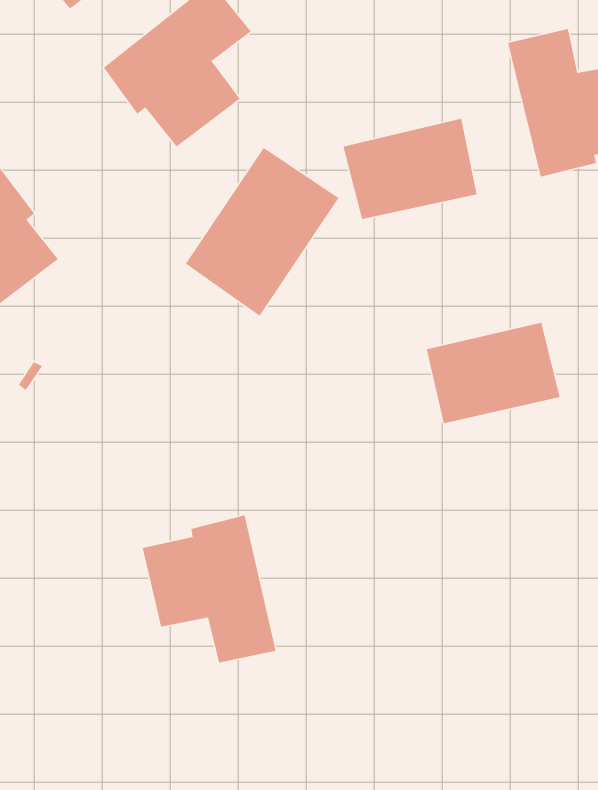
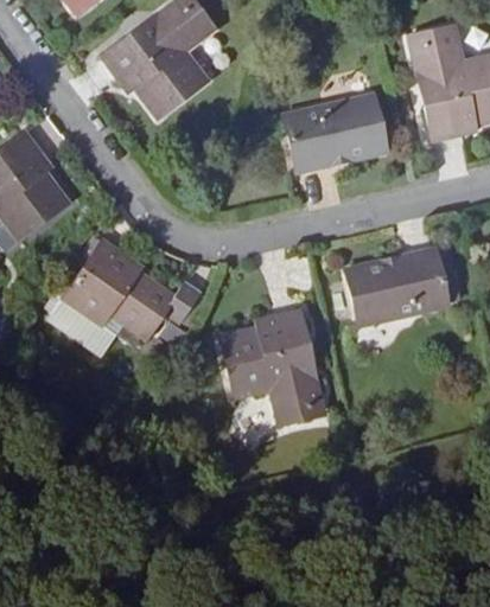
building: [185,147,339,317] -> none
building: none -> [45,235,199,358]
building: [142,514,277,664] -> [222,312,324,424]

